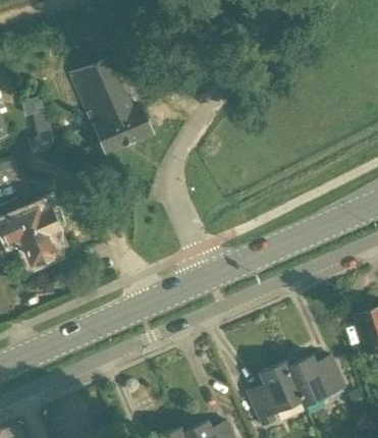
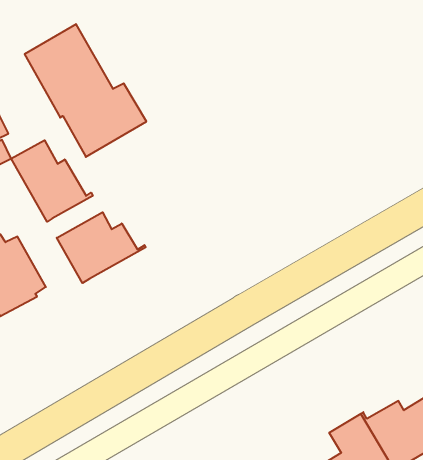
building: none -> [11,140,93,222]
building: none -> [57,212,146,283]

